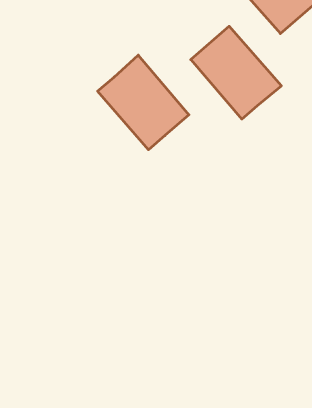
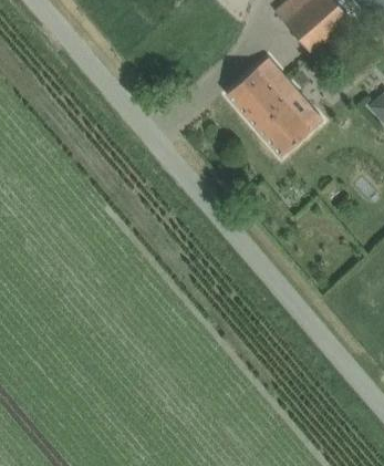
building: [98,55,189,150] -> none

